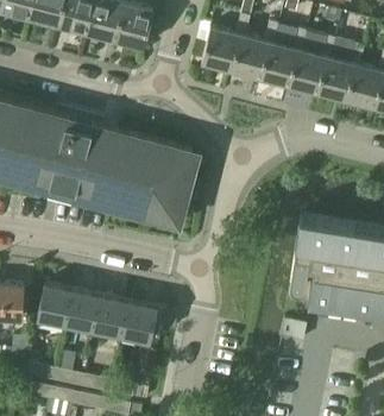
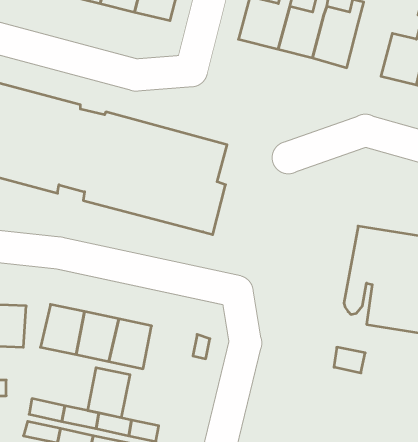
building: [291,37,334,94] -> none
building: [121,302,157,343] -> [87,368,130,418]

